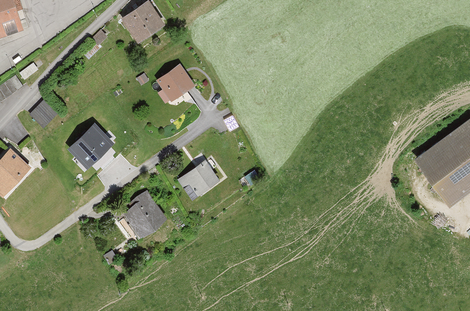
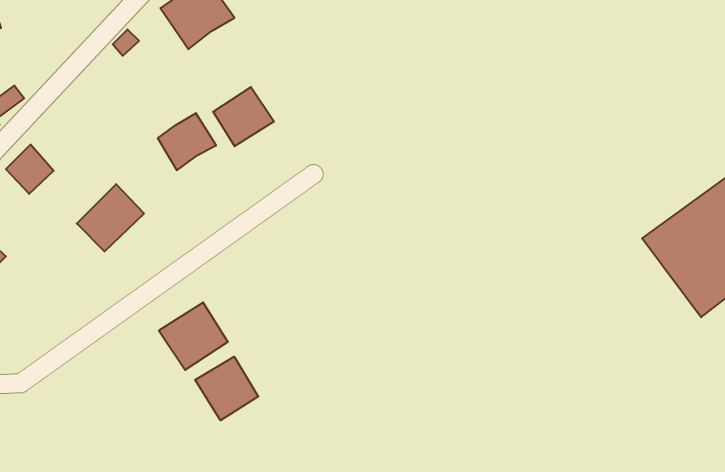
building: none -> [158,113,216,170]
building: [175,164,215,200] -> none
building: none -> [195,357,258,420]

